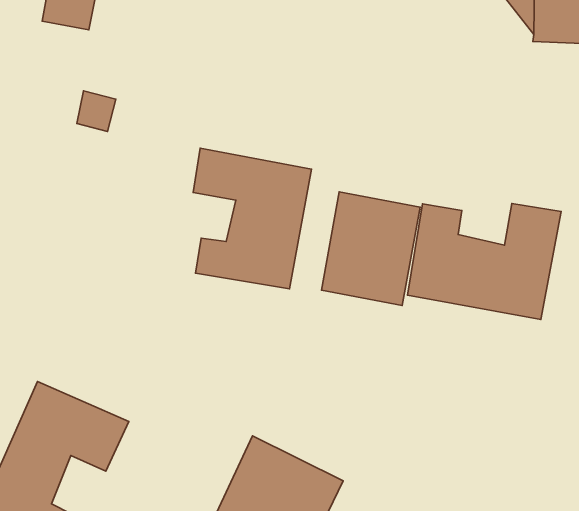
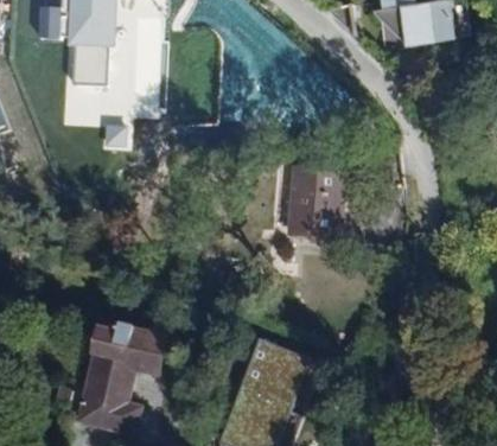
building: [193,148,311,289] -> none
building: [408,204,561,320] -> none

